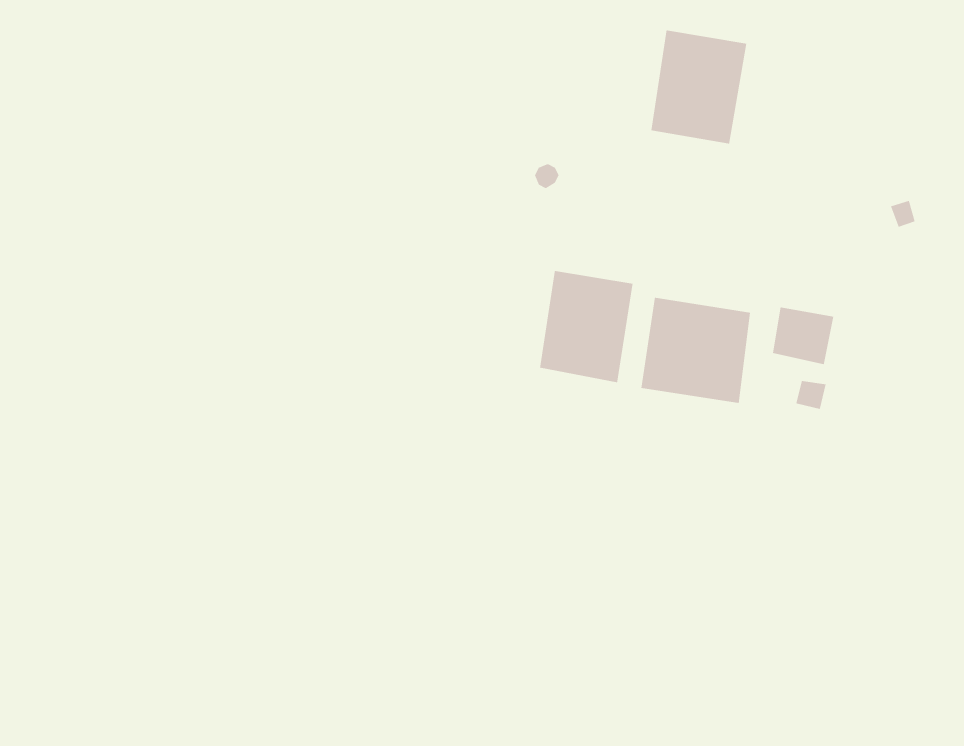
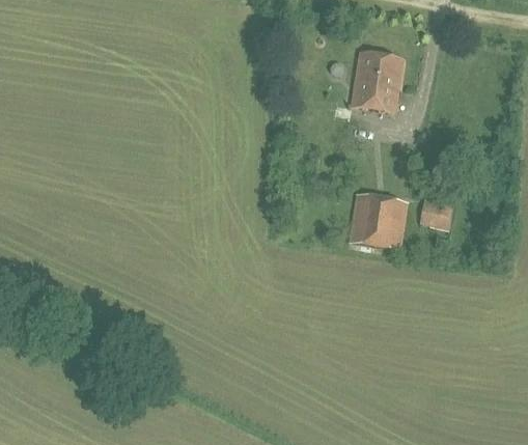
building: [539,270,633,383] -> none

